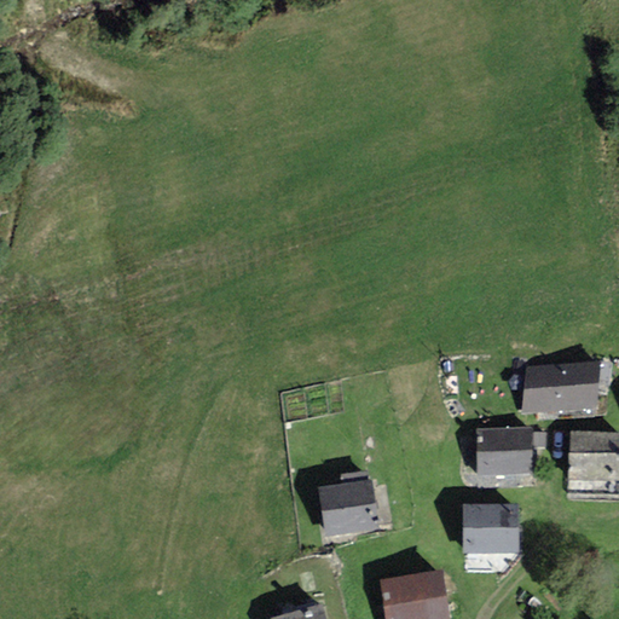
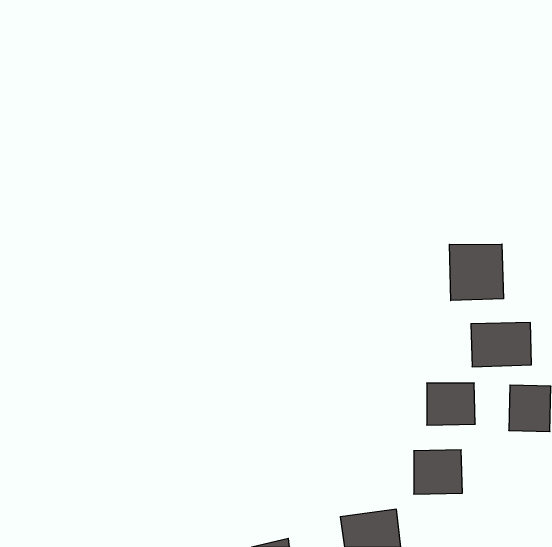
building: none -> [449,244,503,301]
building: [322,481,376,536] -> none

